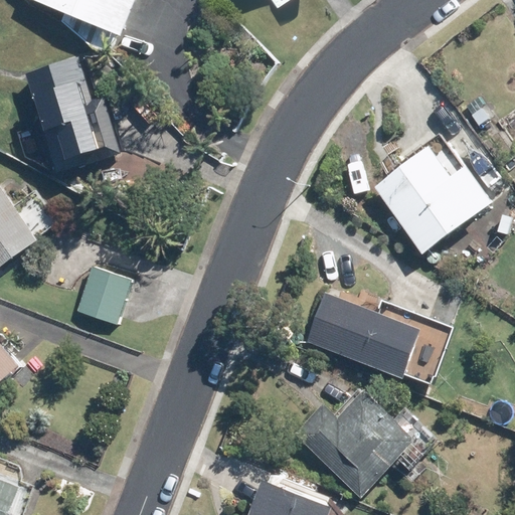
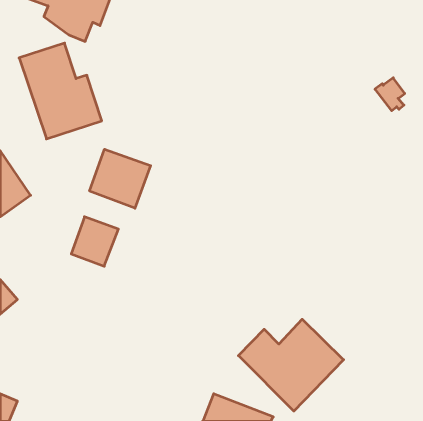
building: [373,148,491,254] -> none
building: none -> [90,149,151,208]
building: [306,293,421,379] -> none

